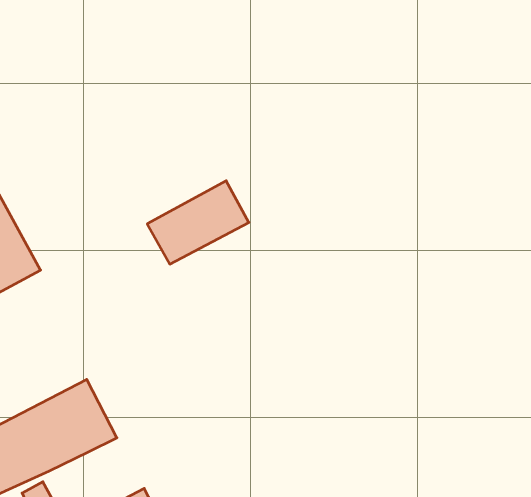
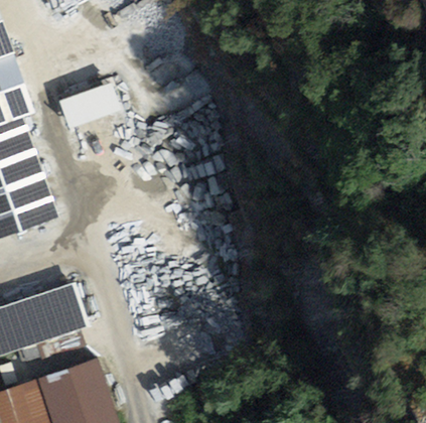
building: [147,181,249,264] -> [63,81,127,127]

